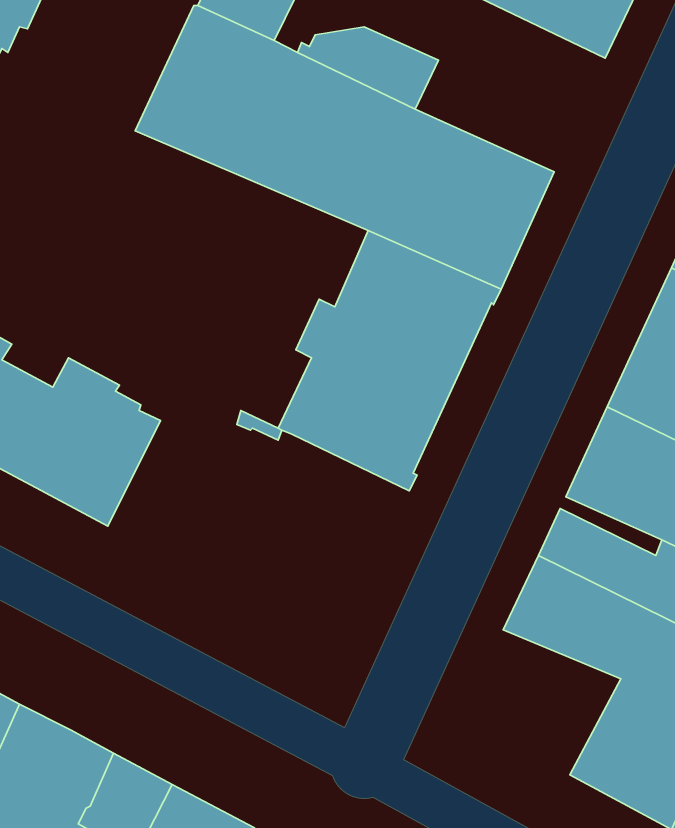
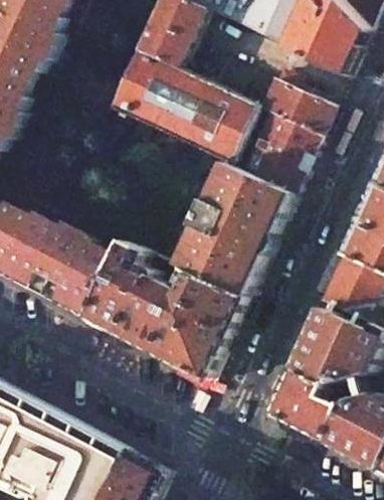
building: none -> [255,67,329,133]
building: none -> [85,241,241,378]
building: none -> [269,368,350,443]

